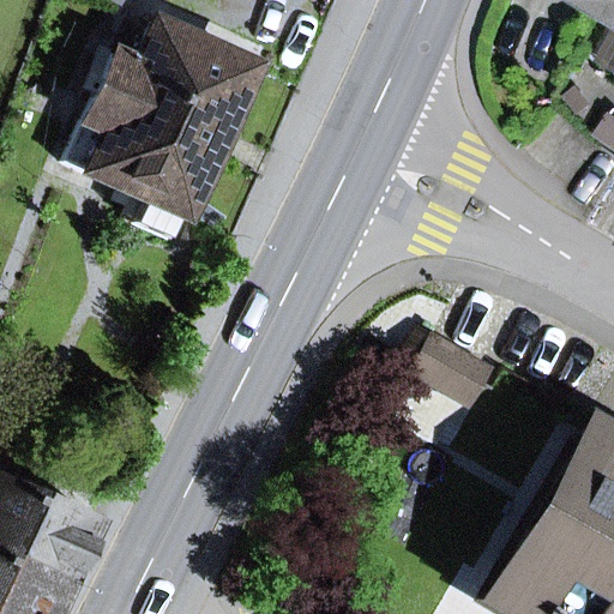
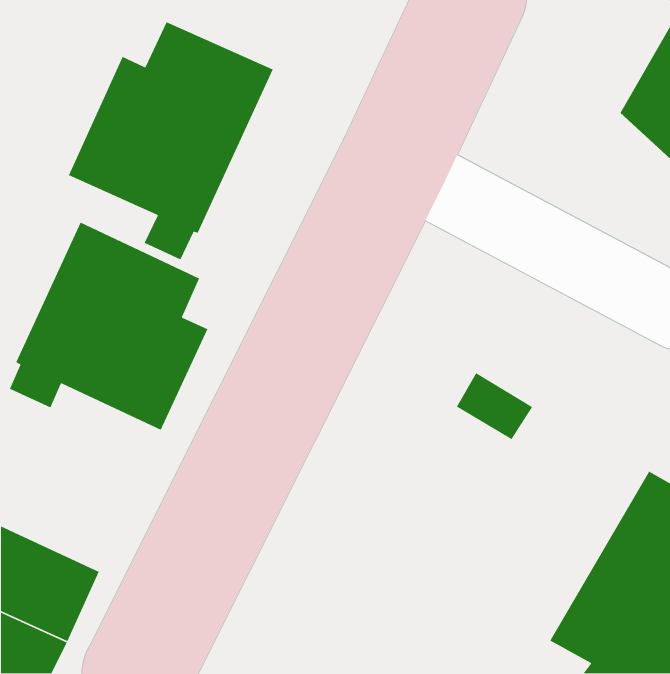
building: none -> [9,222,208,431]

